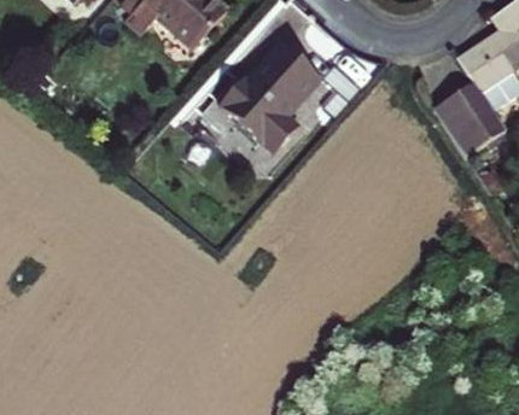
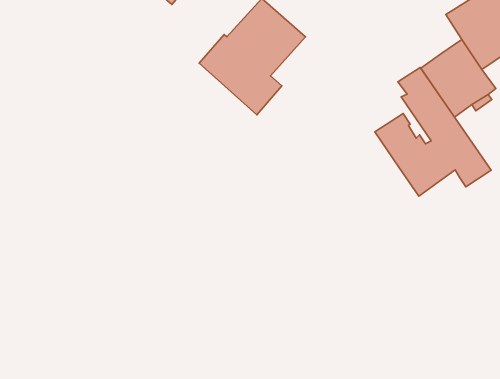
building: none -> [375,68,491,196]

